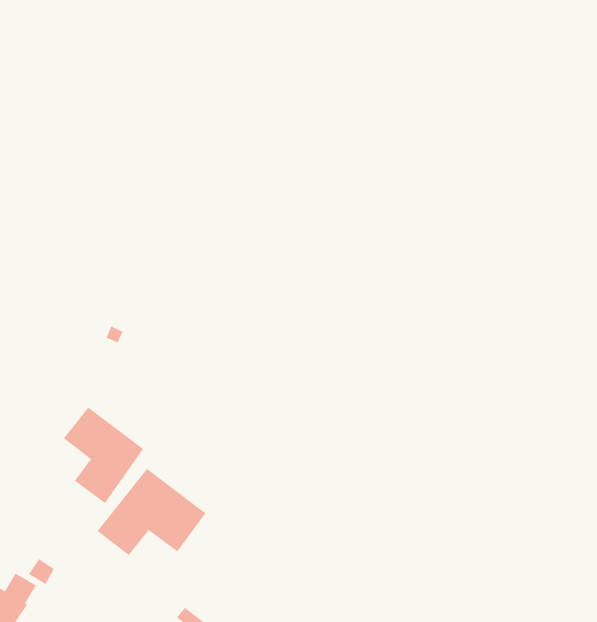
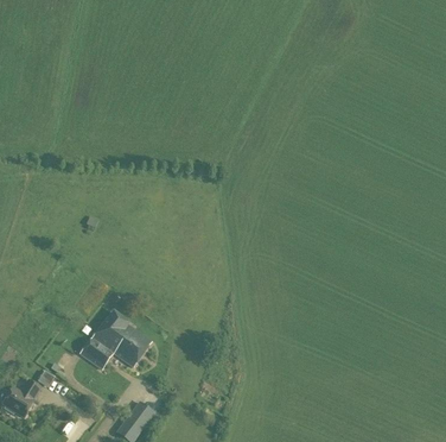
building: [63,406,144,504] -> none

